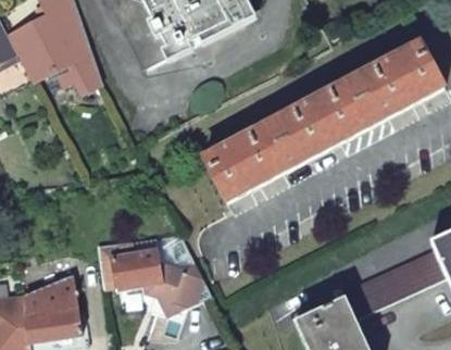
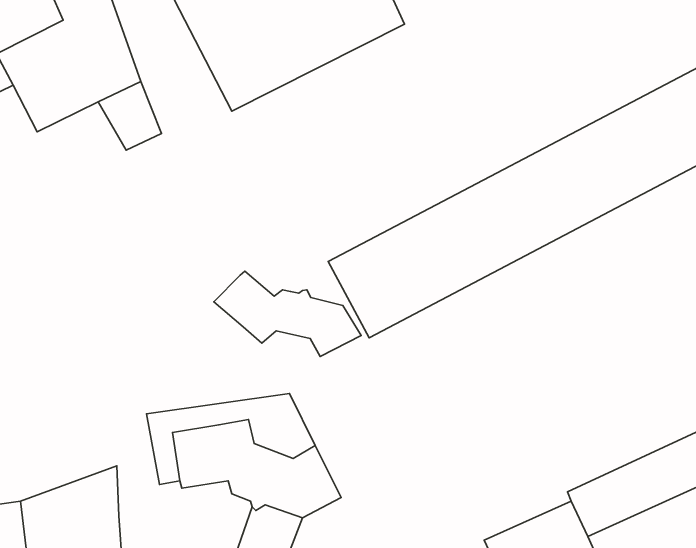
building: none -> [214,271,361,356]

